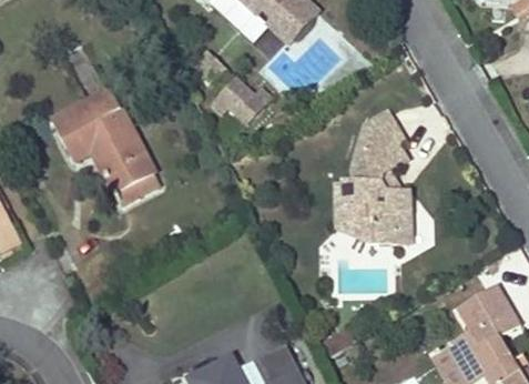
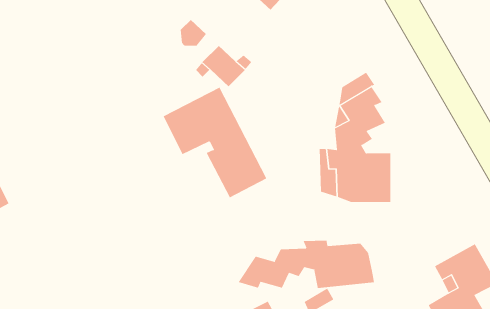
building: [52,91,160,205] -> [163,87,267,198]
building: none -> [238,240,375,289]

